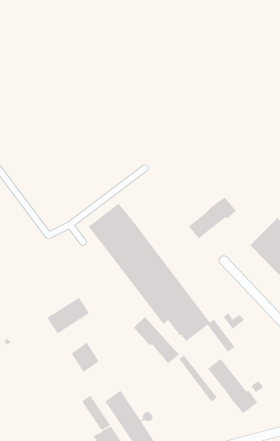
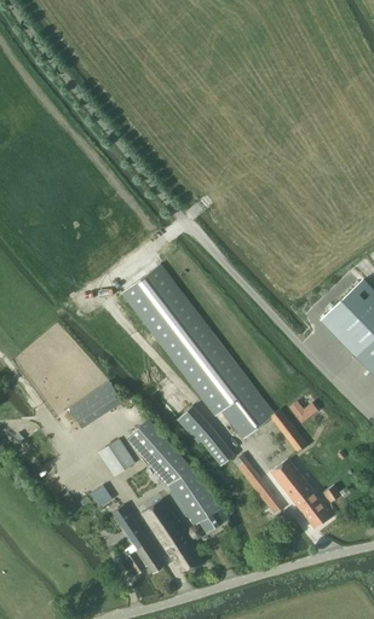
building: [188,197,237,239] -> none
building: none -> [127,420,230,534]

